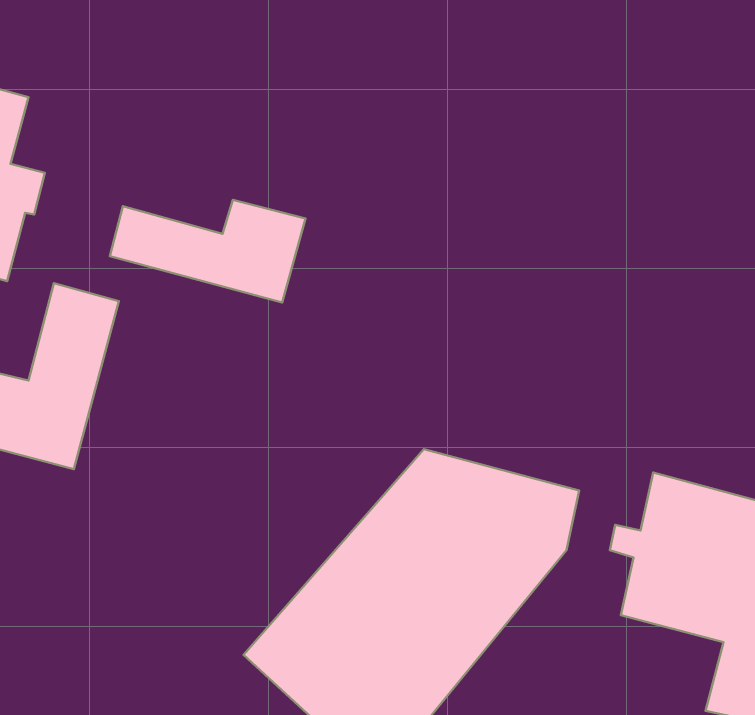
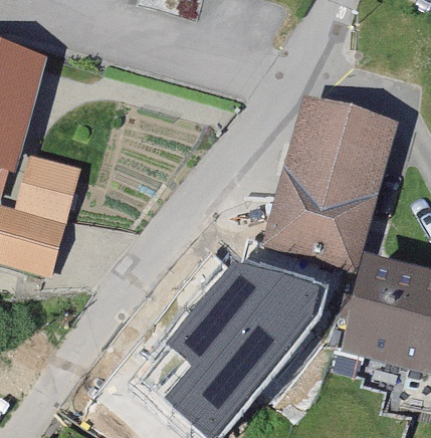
building: none -> [270,103,393,268]
building: [110,200,306,303] -> none

